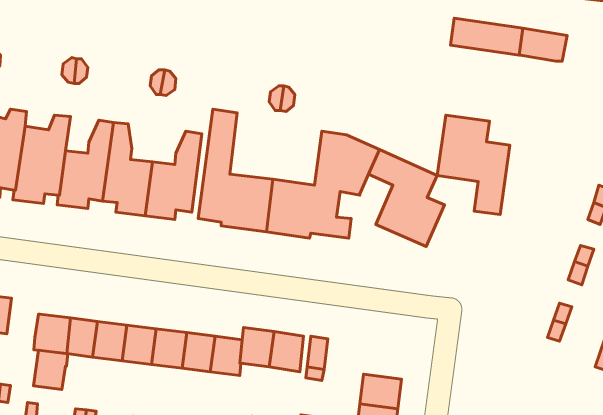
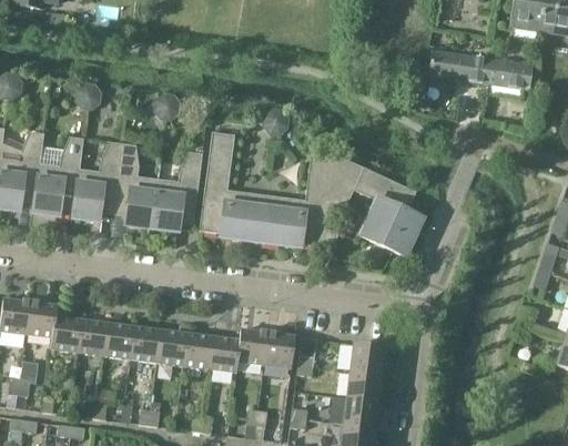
building: [437,115,510,215] -> none
building: none -> [348,343,386,375]
building: [33,350,68,390] -> [26,302,57,337]

